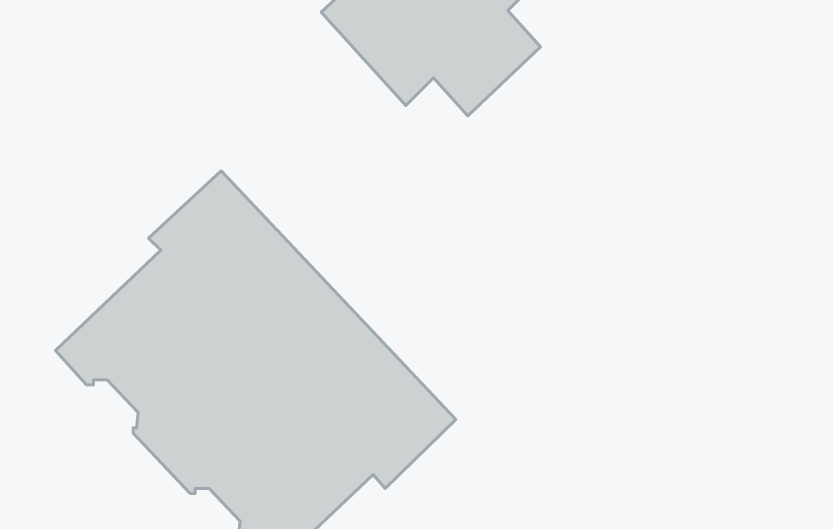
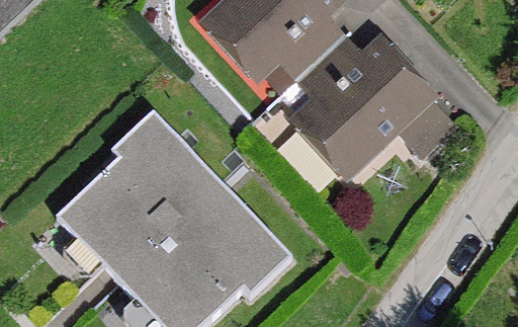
building: none -> [298,38,455,169]

